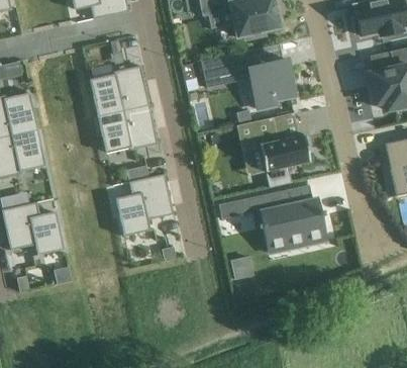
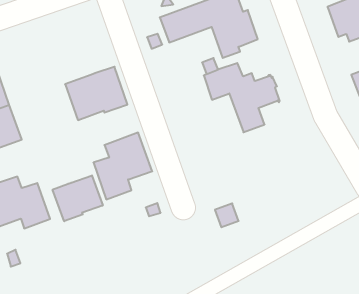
building: [88,66,147,116] -> none
building: [217,185,326,253] -> none
building: none -> [53,175,103,221]

